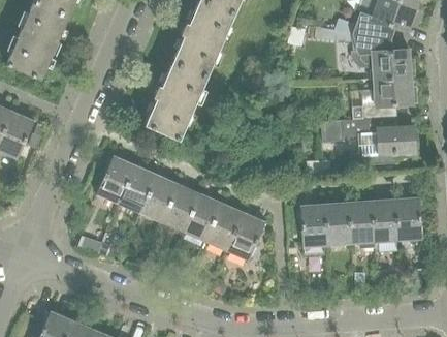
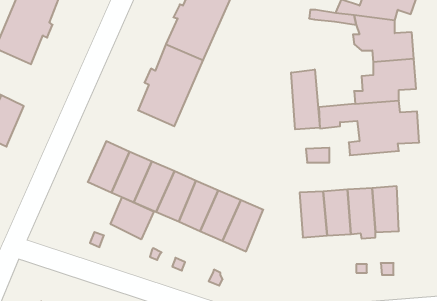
building: none -> [291,69,320,129]
building: [394,196,422,242] -> none
building: none -> [111,197,154,239]

